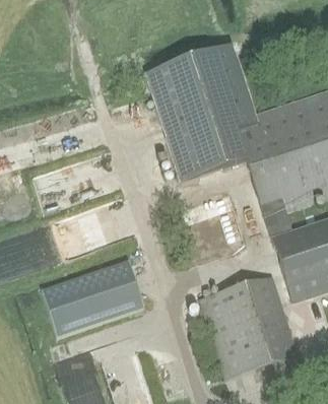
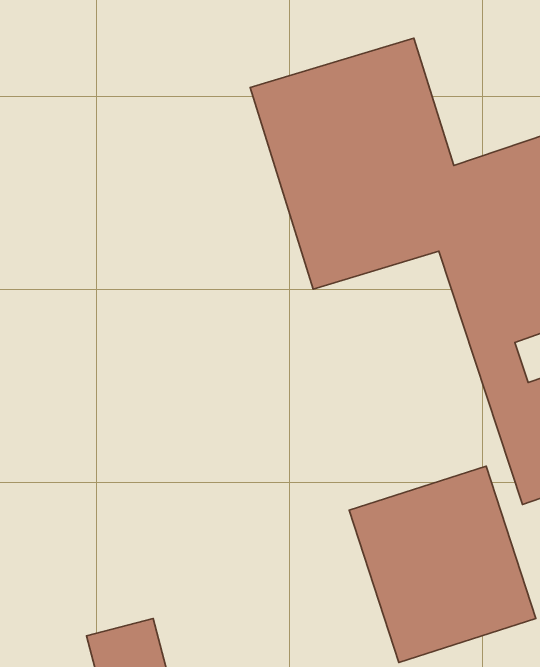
building: [41,259,143,335] -> none

